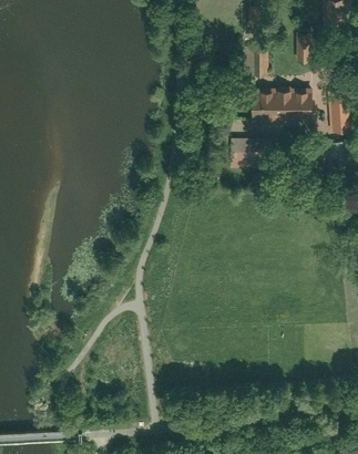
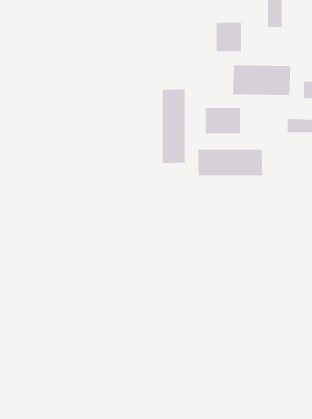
building: none -> [162,88,185,164]
building: none -> [198,149,263,176]

